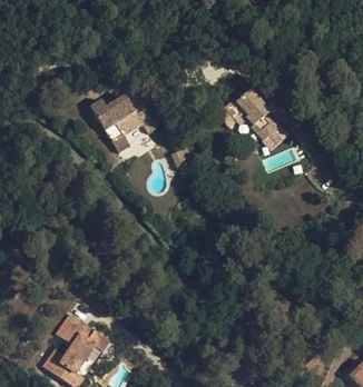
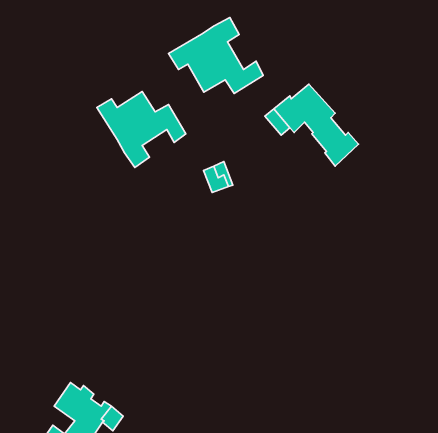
building: none -> [169,17,263,94]

